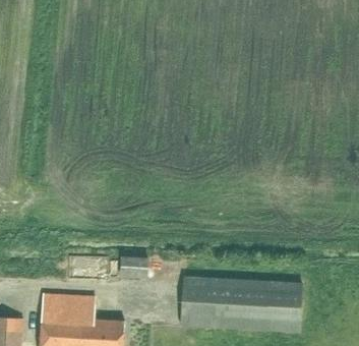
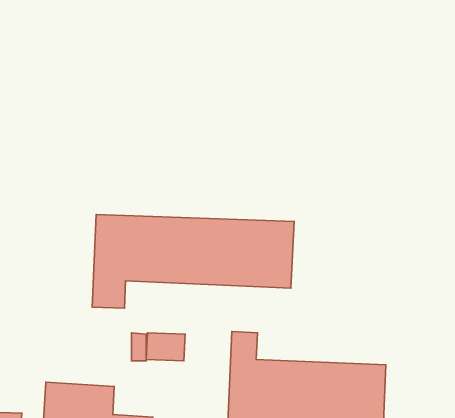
building: none -> [92,215,294,308]

